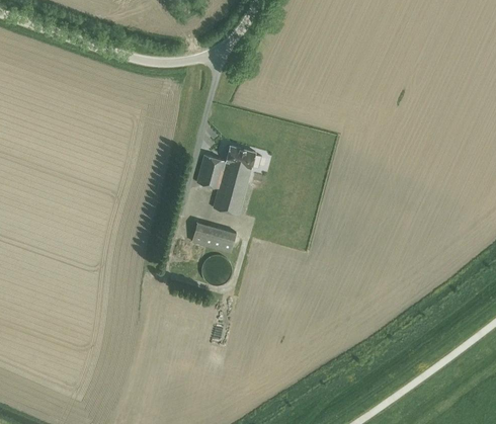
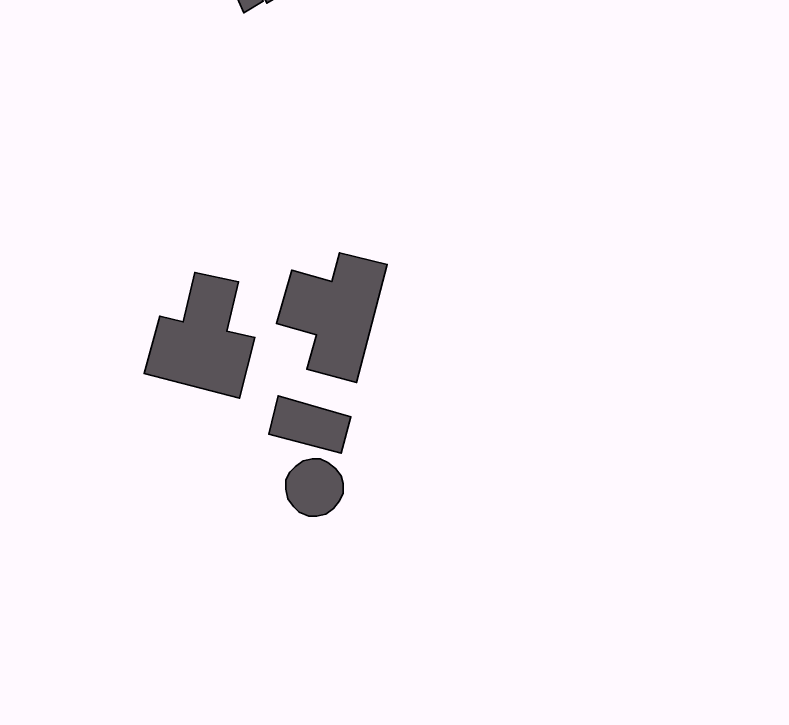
building: none -> [144,272,255,398]

